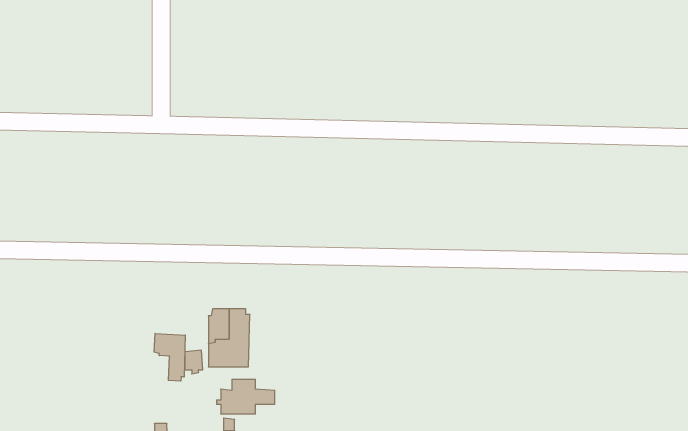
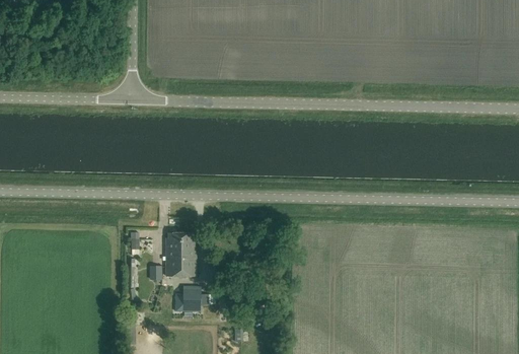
building: [154,333,185,381] -> none

